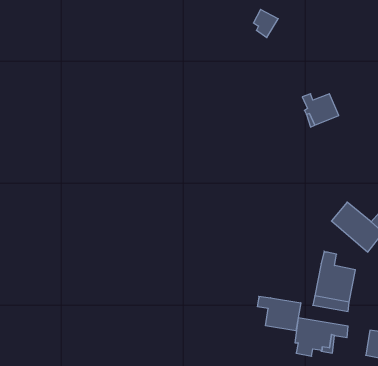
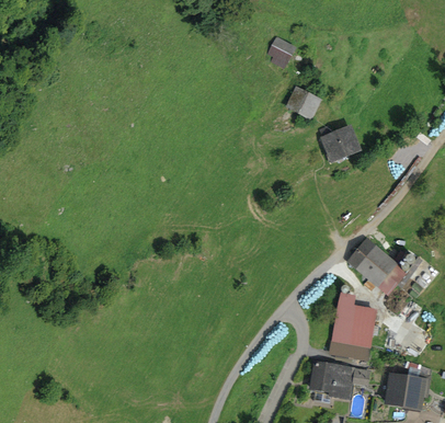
building: none -> [287,87,319,116]
building: [258,296,301,331] -> none

